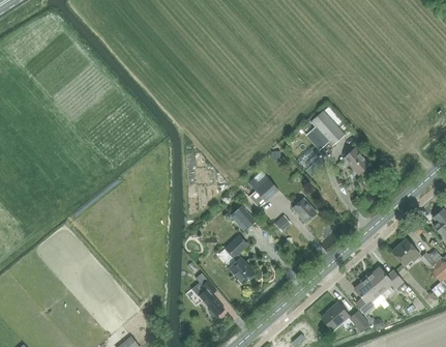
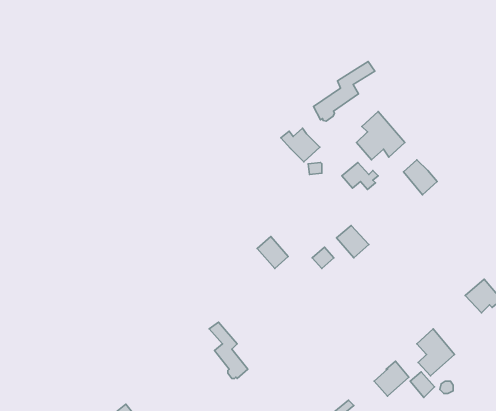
building: none -> [314,61,375,121]
building: [248,175,278,201] -> [281,128,320,162]
building: [218,236,256,285] -> none
building: [367,266,404,297] -> none

